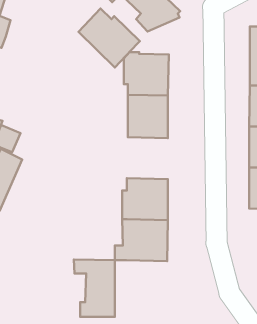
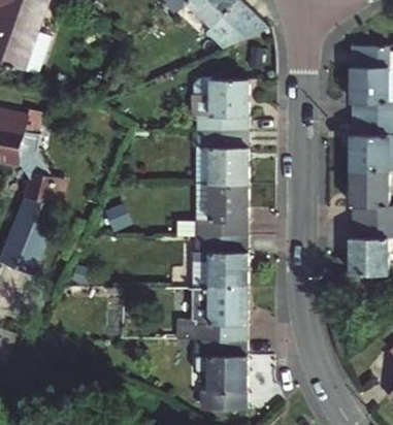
building: [78,8,140,67] -> none
building: none -> [177,185,247,237]
building: [74,259,115,317] -> [194,339,245,412]

